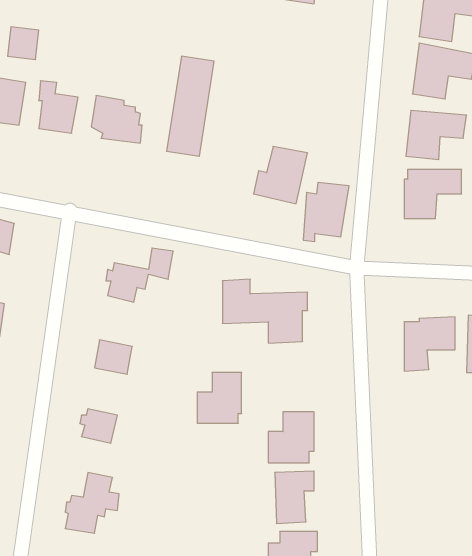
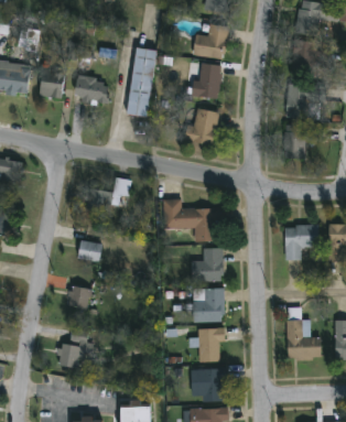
building: none -> [193,24,229,61]
building: [303,183,349,242] -> [192,64,223,104]
building: [197,372,242,423] -> [193,248,223,282]
building: none -> [288,306,322,360]

